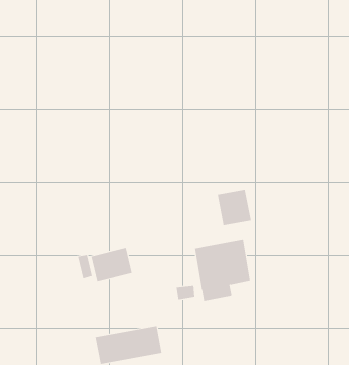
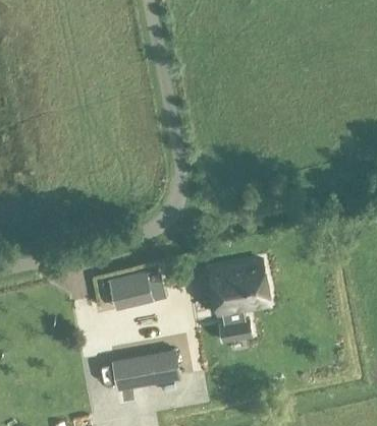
building: [217,189,251,226] -> none
building: none -> [220,323,253,347]

